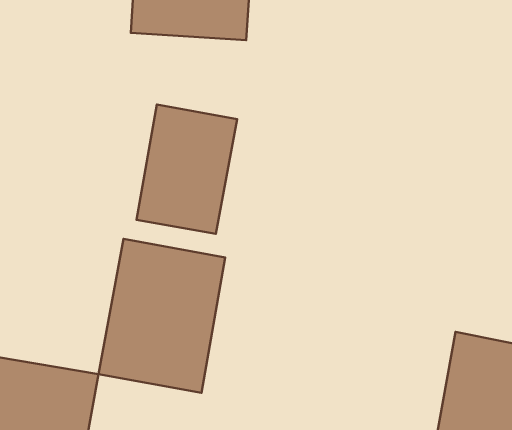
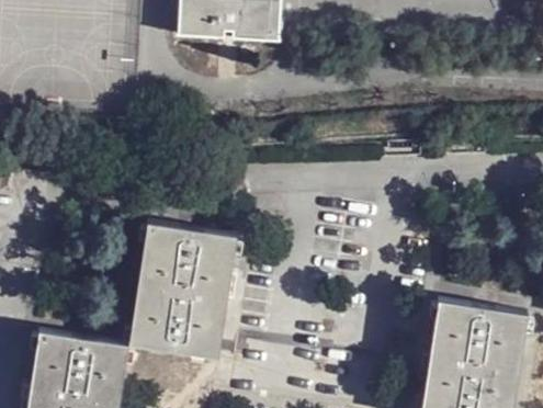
building: [136,105,237,234] -> none

